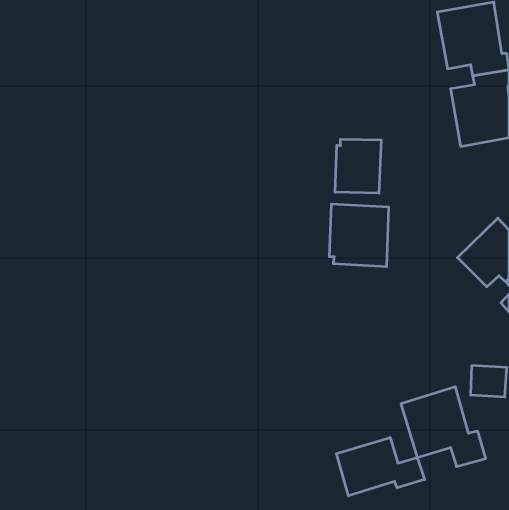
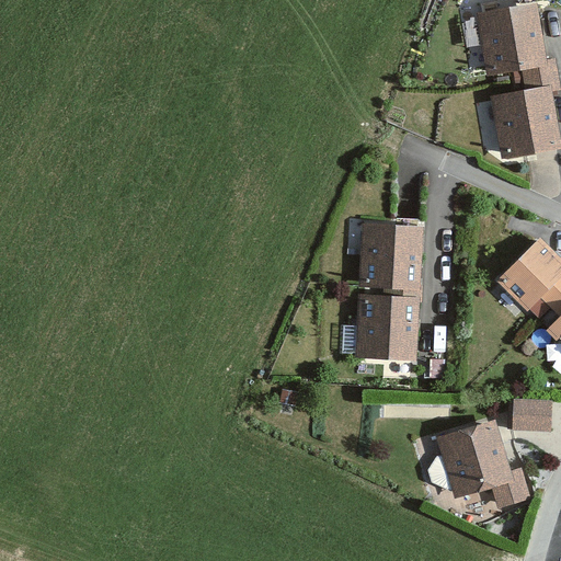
building: [335,139,381,193] -> none
building: none -> [354,286,420,357]
building: [336,437,425,496] -> none

